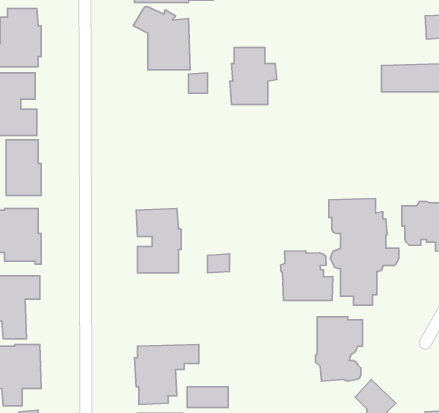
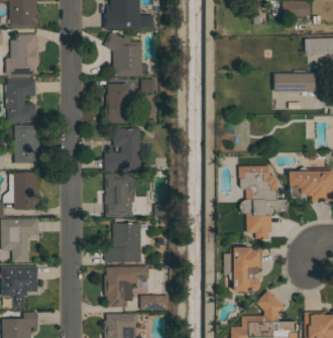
building: [230,47,277,104] -> [105,84,137,123]
building: none -> [105,128,141,171]
building: [281,251,333,301] -> none
building: none -> [105,223,141,262]

